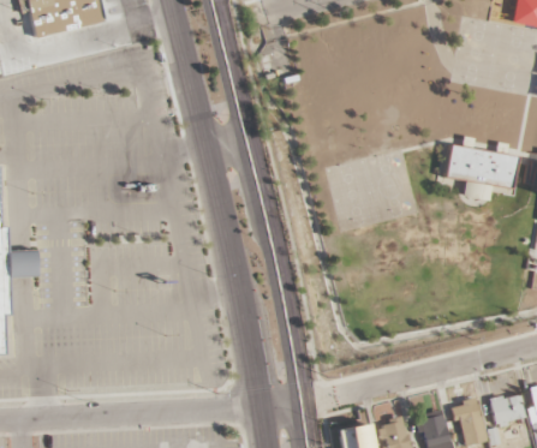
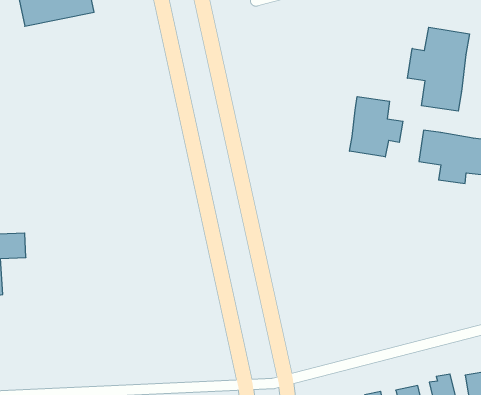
building: none -> [407,27,469,111]
building: none -> [350,97,403,157]

